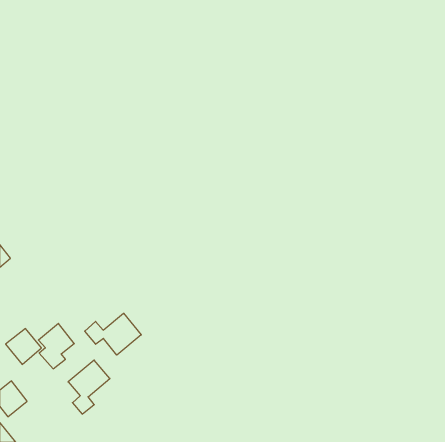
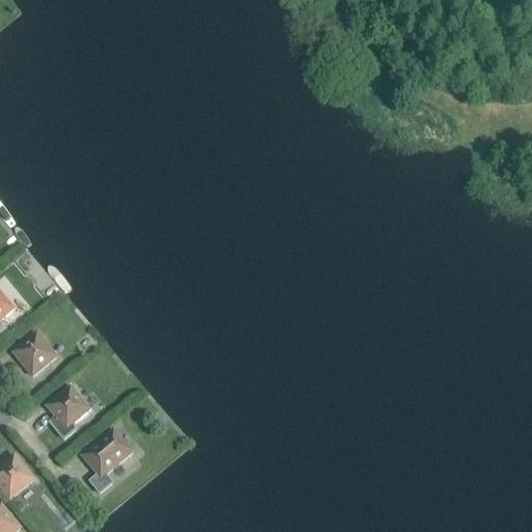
building: [85,313,141,355] -> none
building: [6,329,41,364] -> [12,332,55,375]

